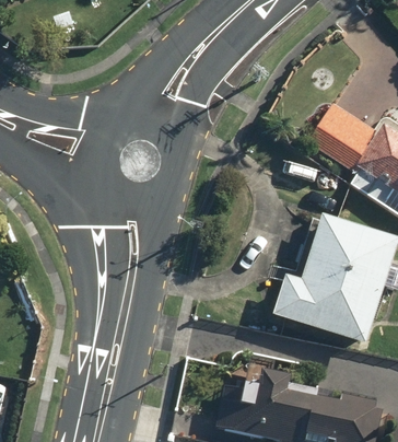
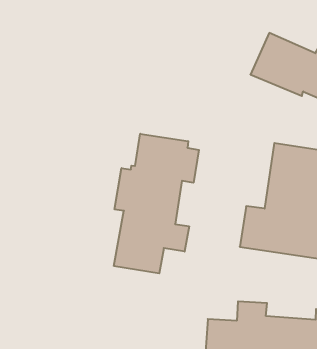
building: none -> [114,134,199,273]

